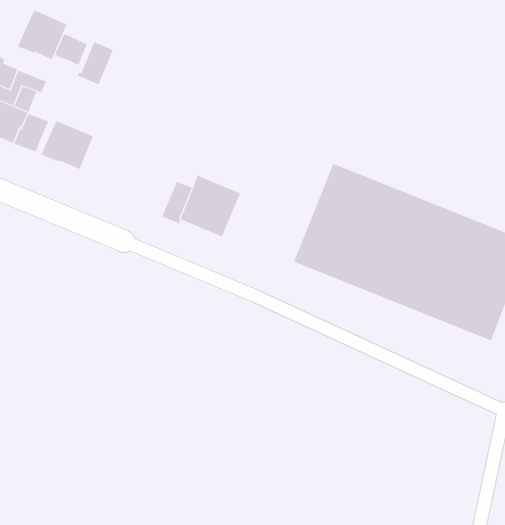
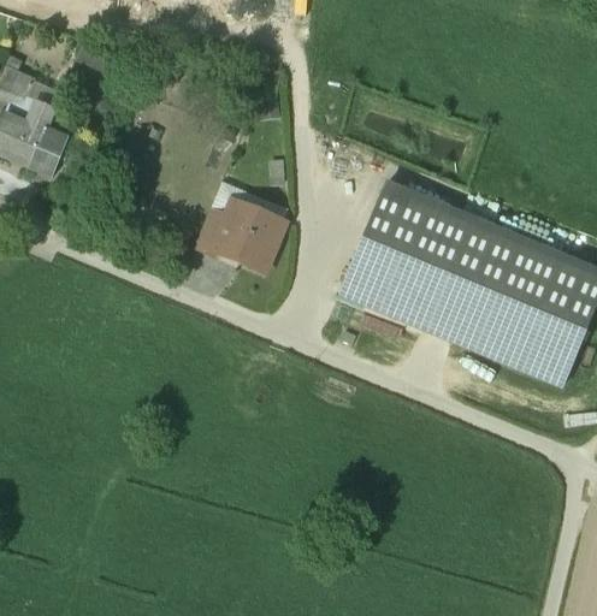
building: [17,9,67,60] -> none
building: [77,41,114,85] -> none
building: [41,120,93,170] -> none

